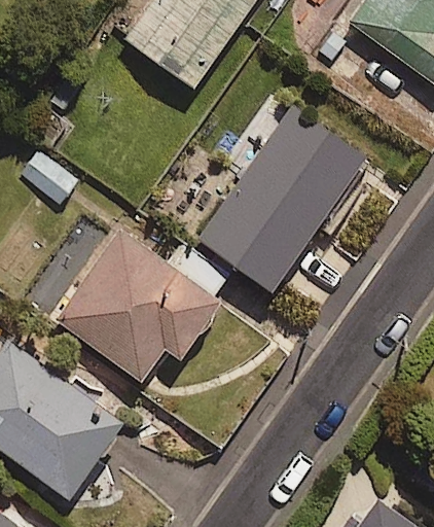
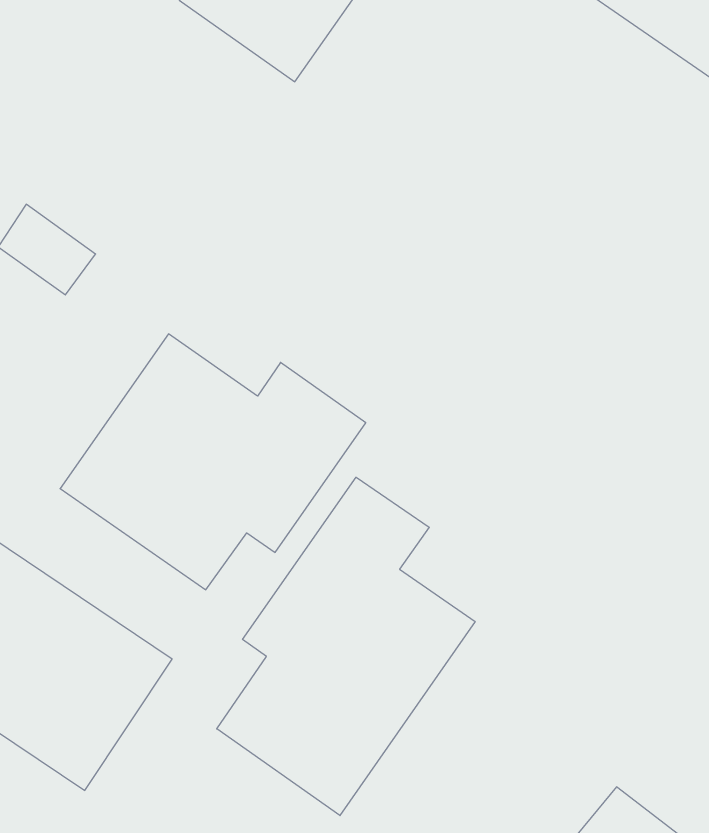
building: [200,105,366,289] -> none
building: none -> [217,477,475,816]

